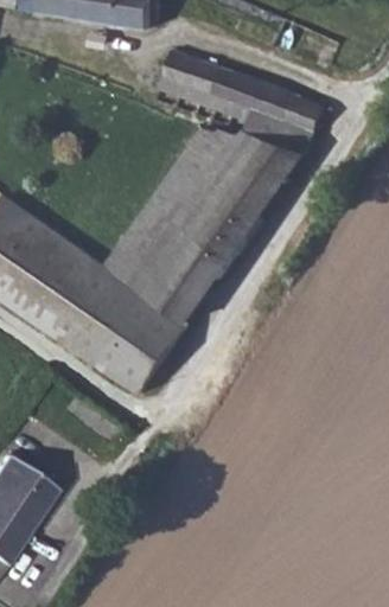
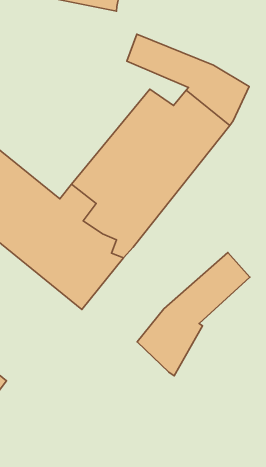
building: none -> [137,252,250,376]

